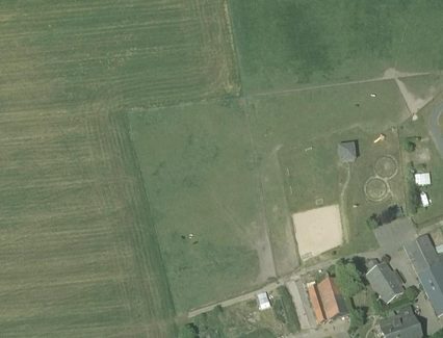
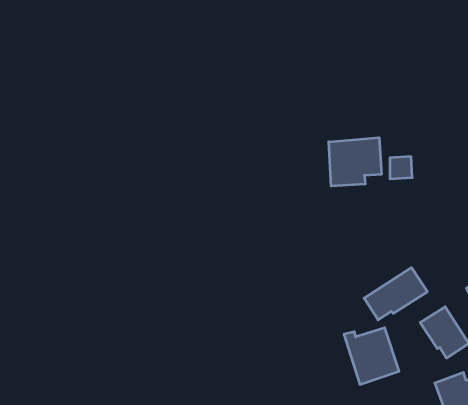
building: none -> [329,138,381,186]
building: none -> [364,268,427,320]

